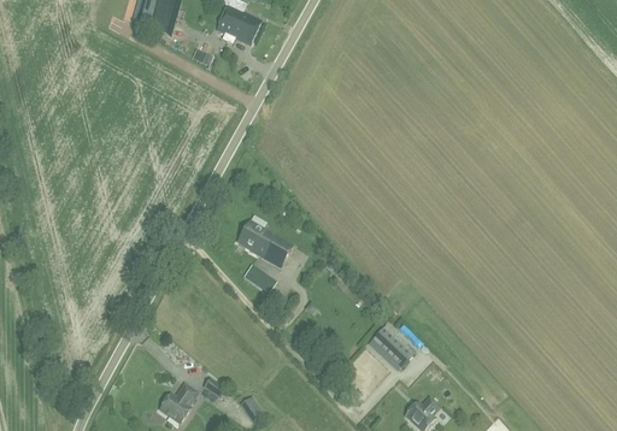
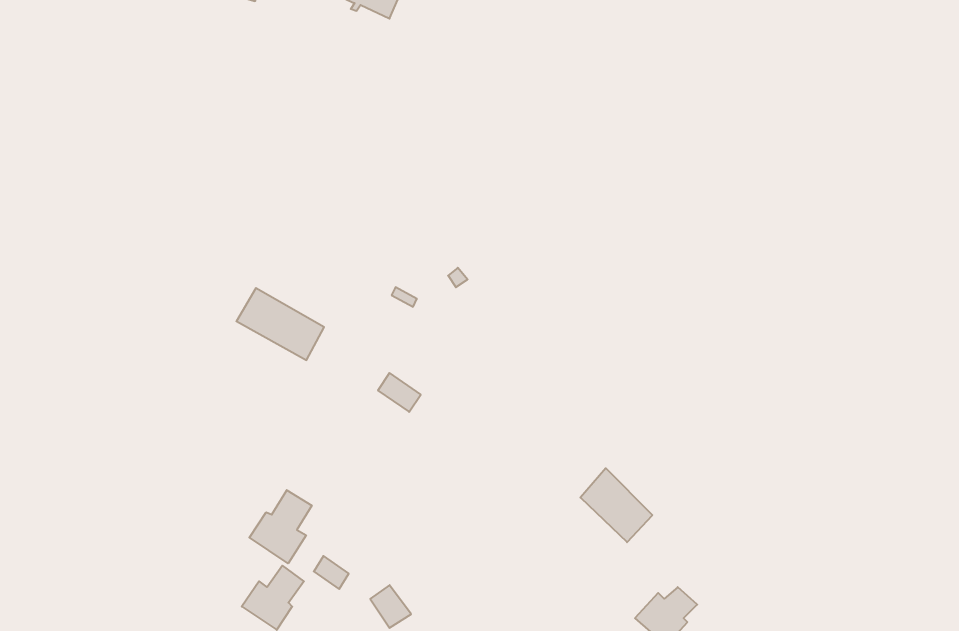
building: [236,223,290,267] -> [236,288,324,360]
building: none -> [249,490,312,563]

